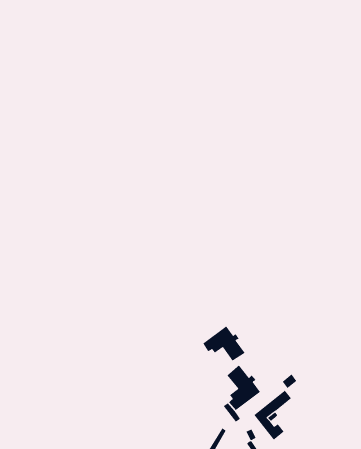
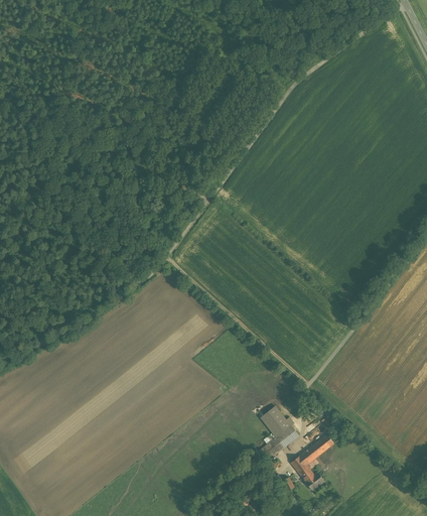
building: [202,326,245,362] -> none

